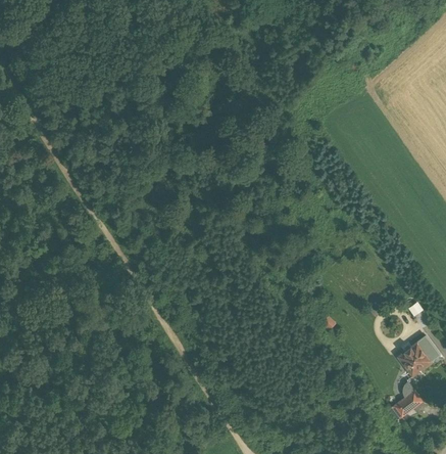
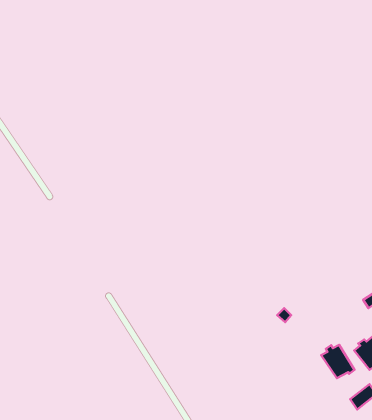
building: none -> [321,345,354,378]

